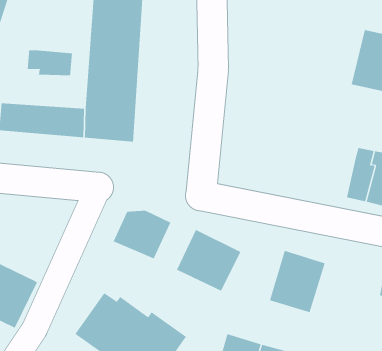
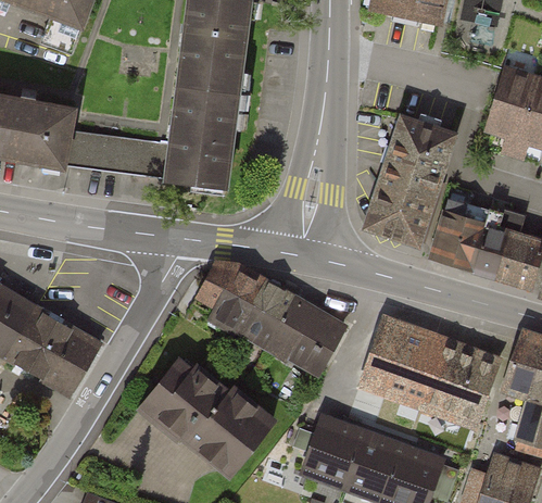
building: [27,50,72,76] -> none
building: none -> [368,116,452,241]
building: none -> [433,199,486,267]
building: none -> [241,279,292,340]
building: none -> [419,343,496,423]

